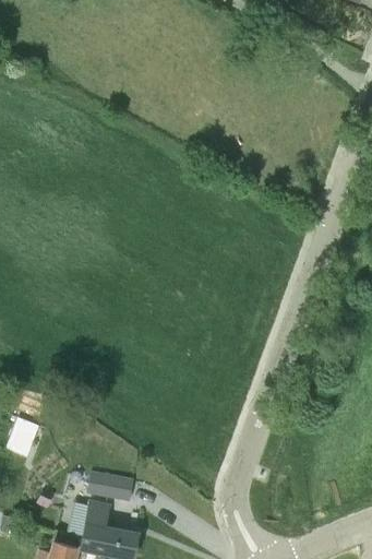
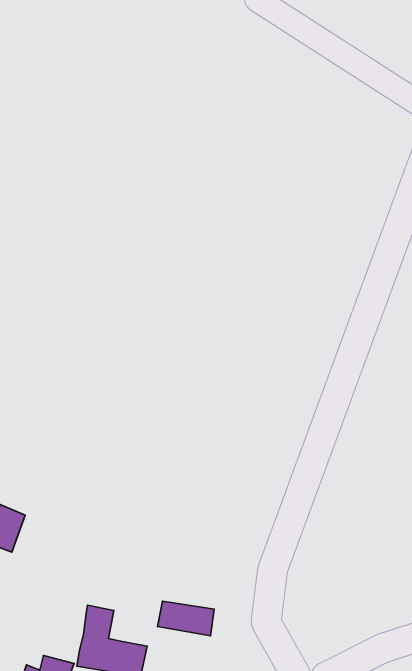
building: [86,473,133,501] -> [157,601,214,636]

